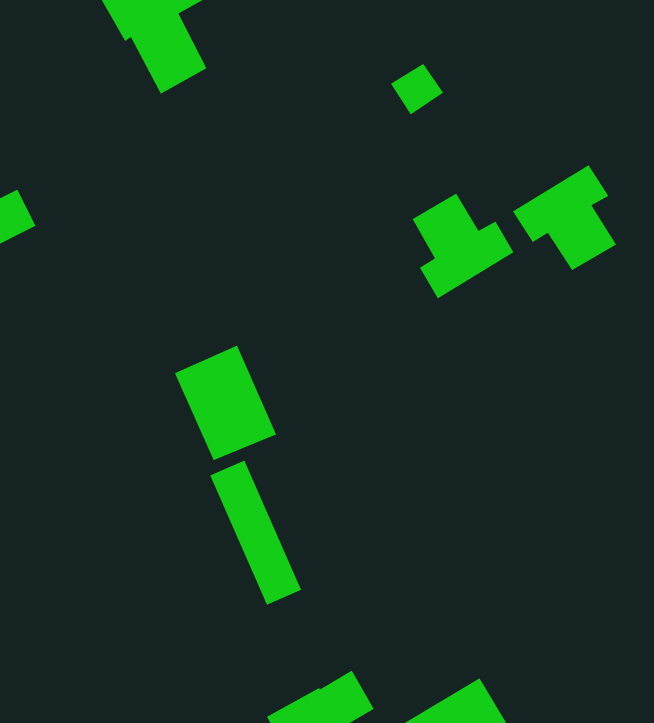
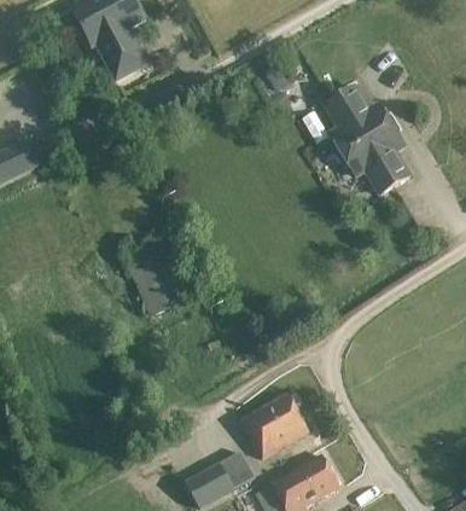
building: [411,192,515,299] -> [325,87,391,156]
building: [209,459,302,606] -> none
building: none -> [240,394,310,460]

